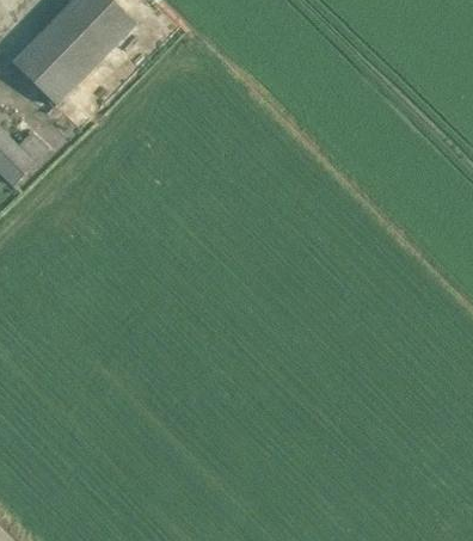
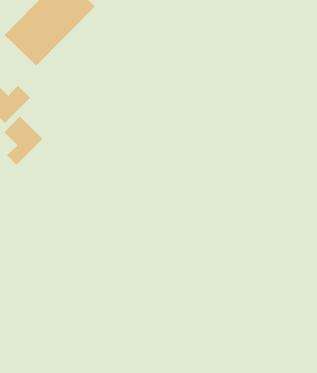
building: none -> [4,116,43,165]

